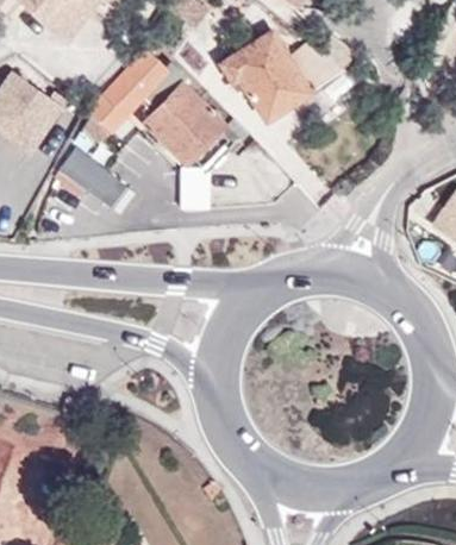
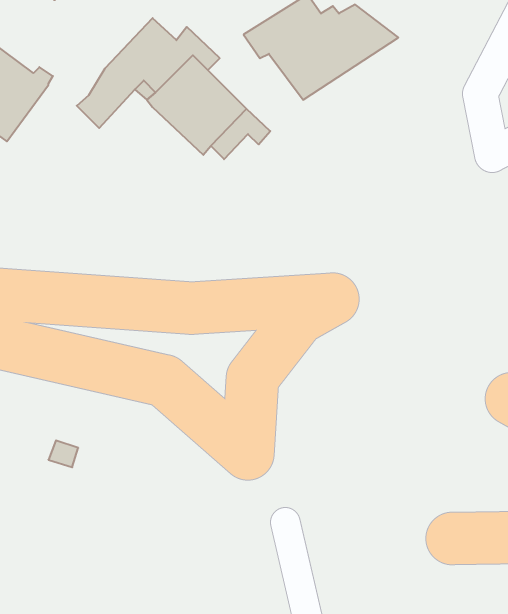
building: [55,152,124,206] -> none

